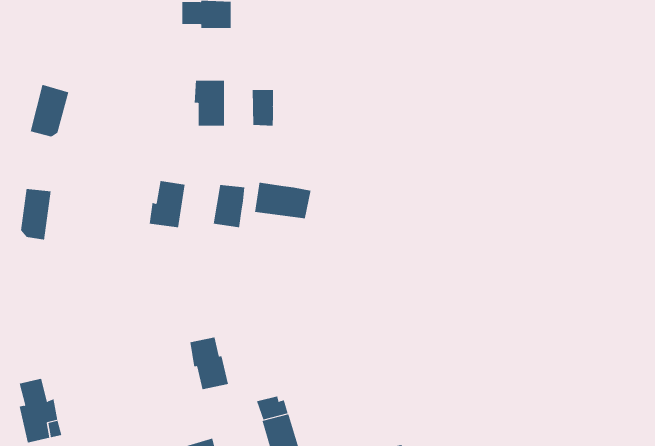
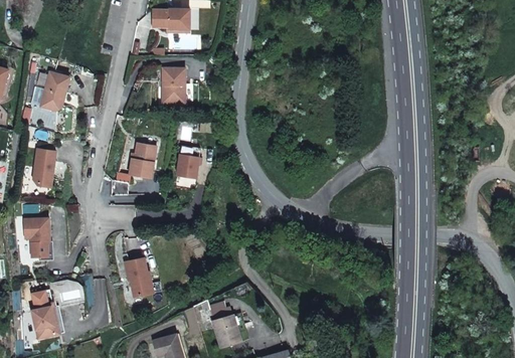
building: [252,89,274,127] -> none
building: [255,182,311,219] -> none
building: none -> [22,218,49,257]
building: [190,337,229,390] -> [124,257,153,297]

